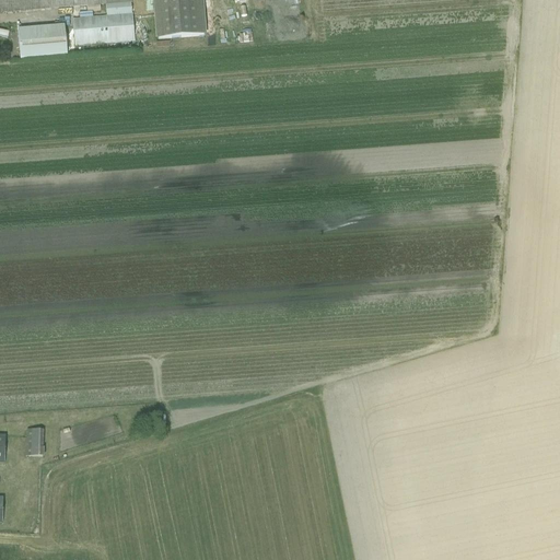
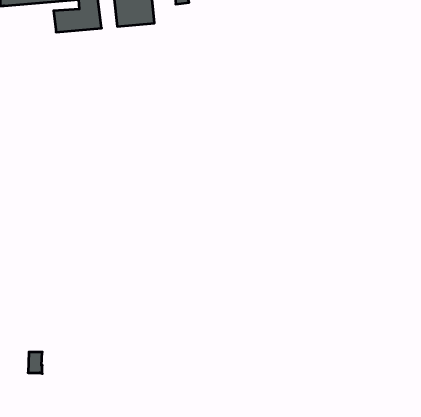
building: [18,21,67,56] -> none
building: [25,425,44,454] -> [28,352,42,374]

